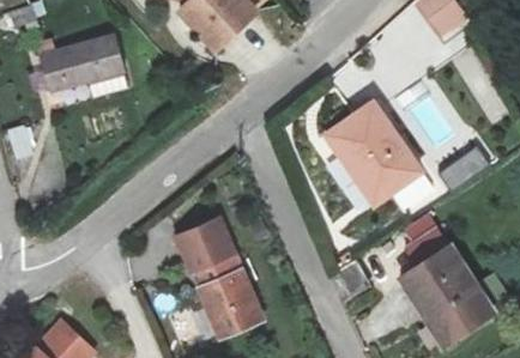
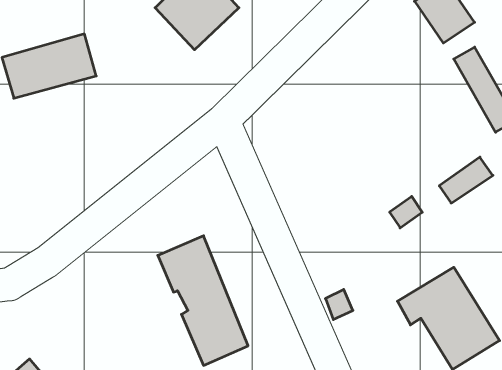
building: [326,101,421,204] -> none
building: [398,213,446,259] -> none

